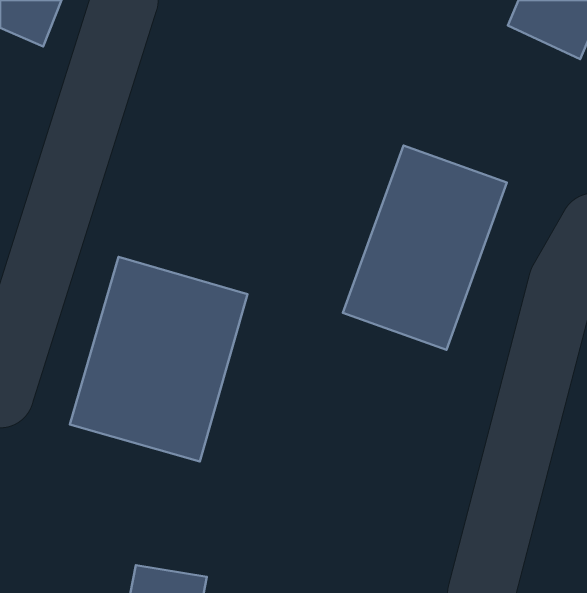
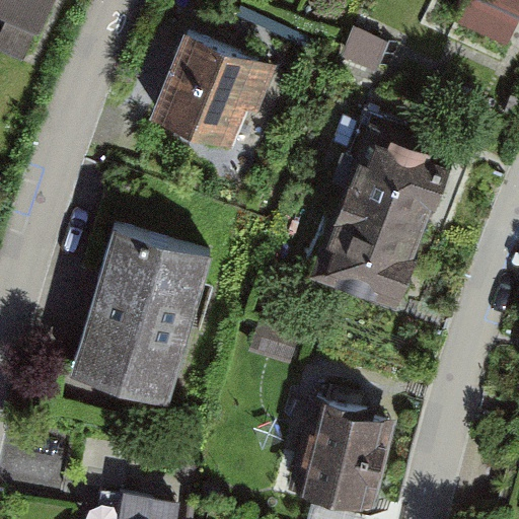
building: none -> [154,34,281,154]
building: none -> [287,402,380,510]

